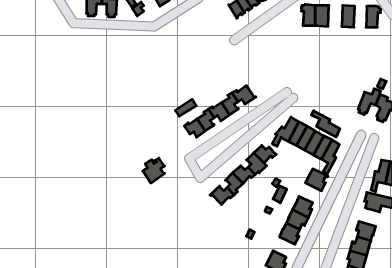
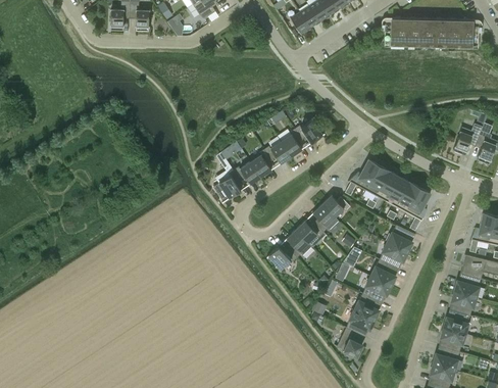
building: none -> [415,17,434,44]
building: none -> [448,18,464,45]
building: [311,111,340,137] -> none
building: [143,158,165,183] -> [213,169,241,201]
building: none -> [379,241,407,266]
building: none -> [454,273,481,296]
building: none -> [346,309,374,335]

